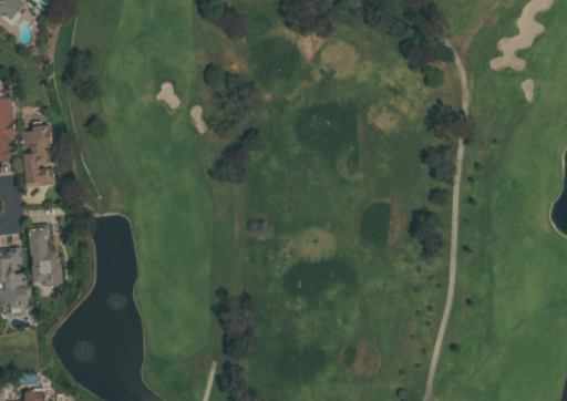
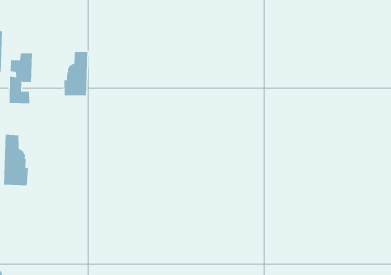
building: none -> [64,51,88,96]

